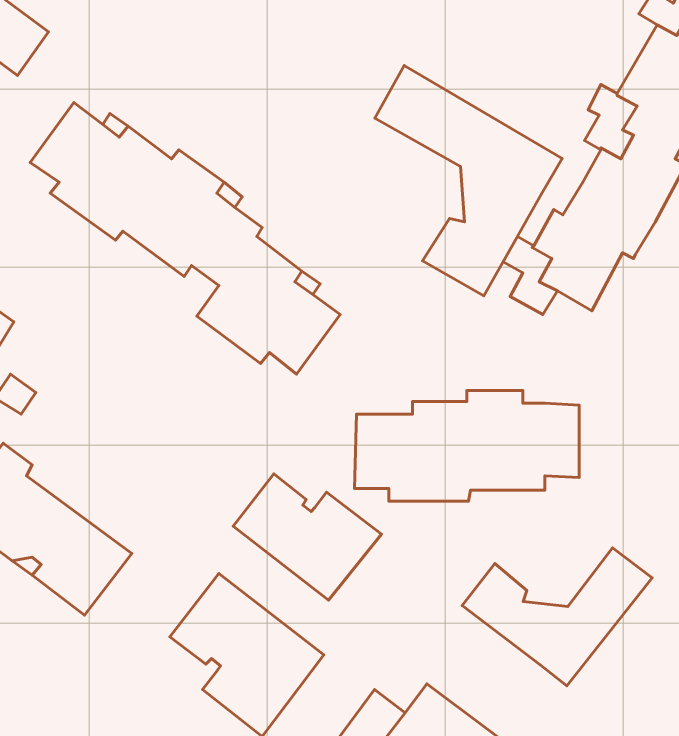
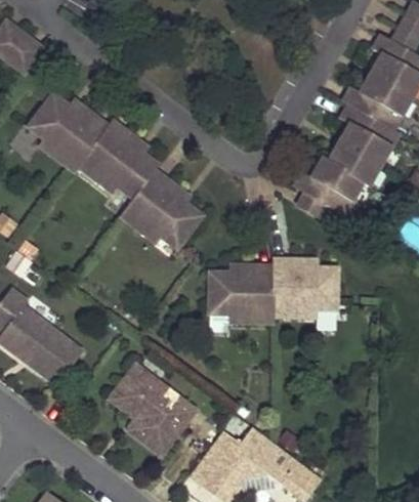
building: [375,66,562,296] -> none
building: [233,474,381,600] -> none
building: [462,548,652,686] -> none

